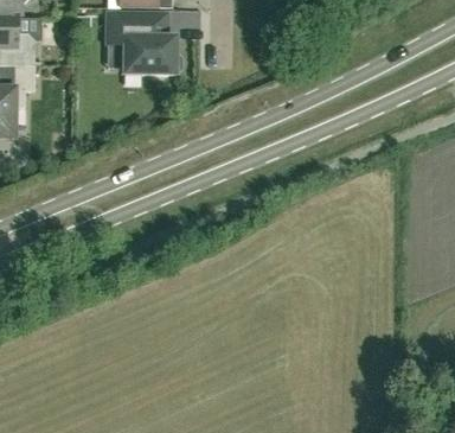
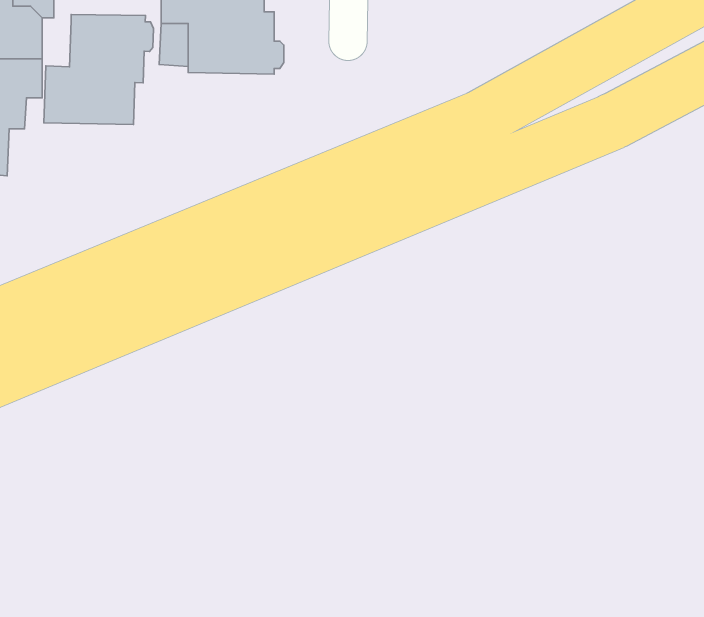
building: none -> [44,14,153,124]

